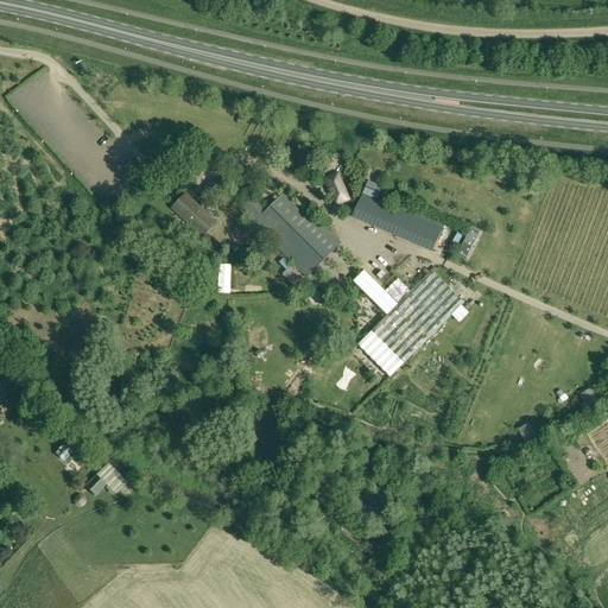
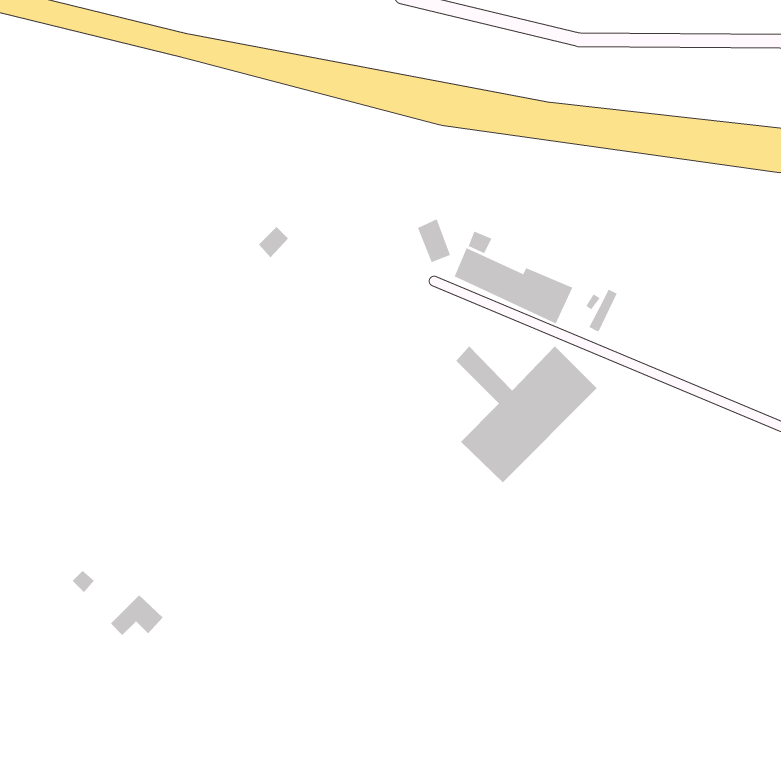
building: [239,188,341,277] -> none
building: [173,194,216,236] -> none

